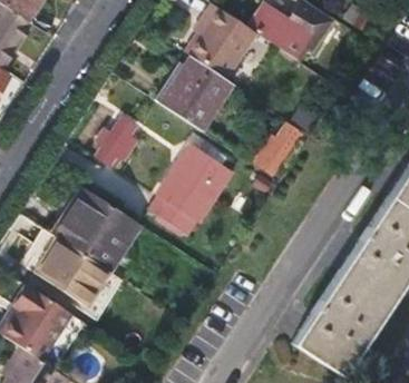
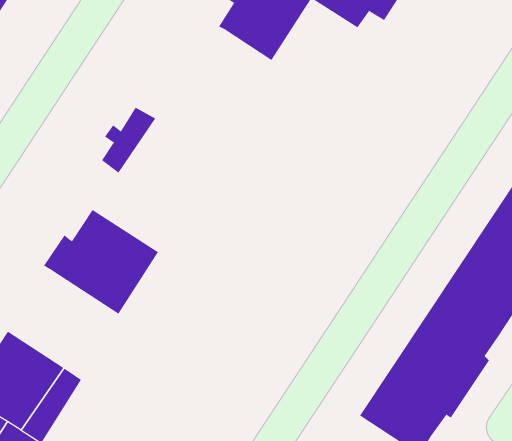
building: [156,56,234,129] -> none
building: [256,117,305,174] -> none
building: [152,144,234,235] -> none
building: [37,236,113,306] -> none

